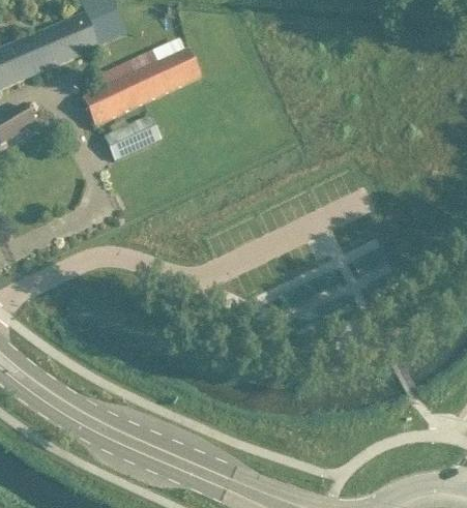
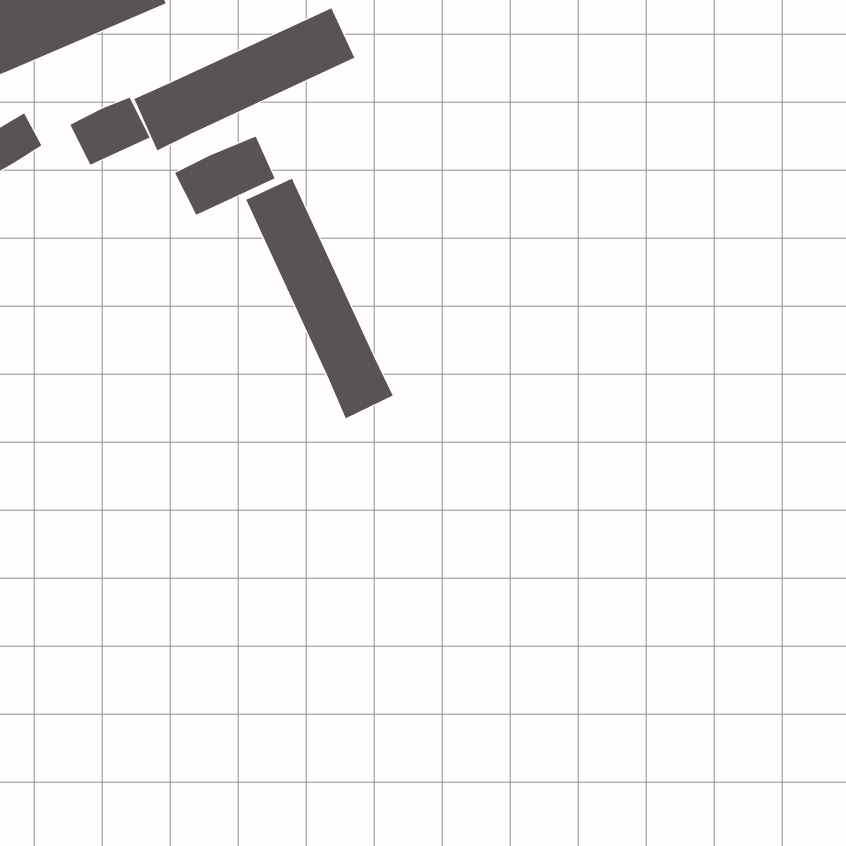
building: none -> [70,97,150,165]
building: none -> [245,178,393,419]

